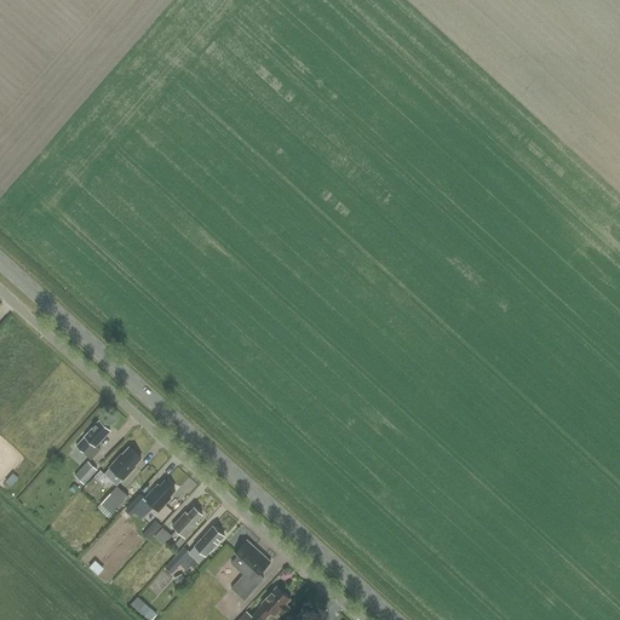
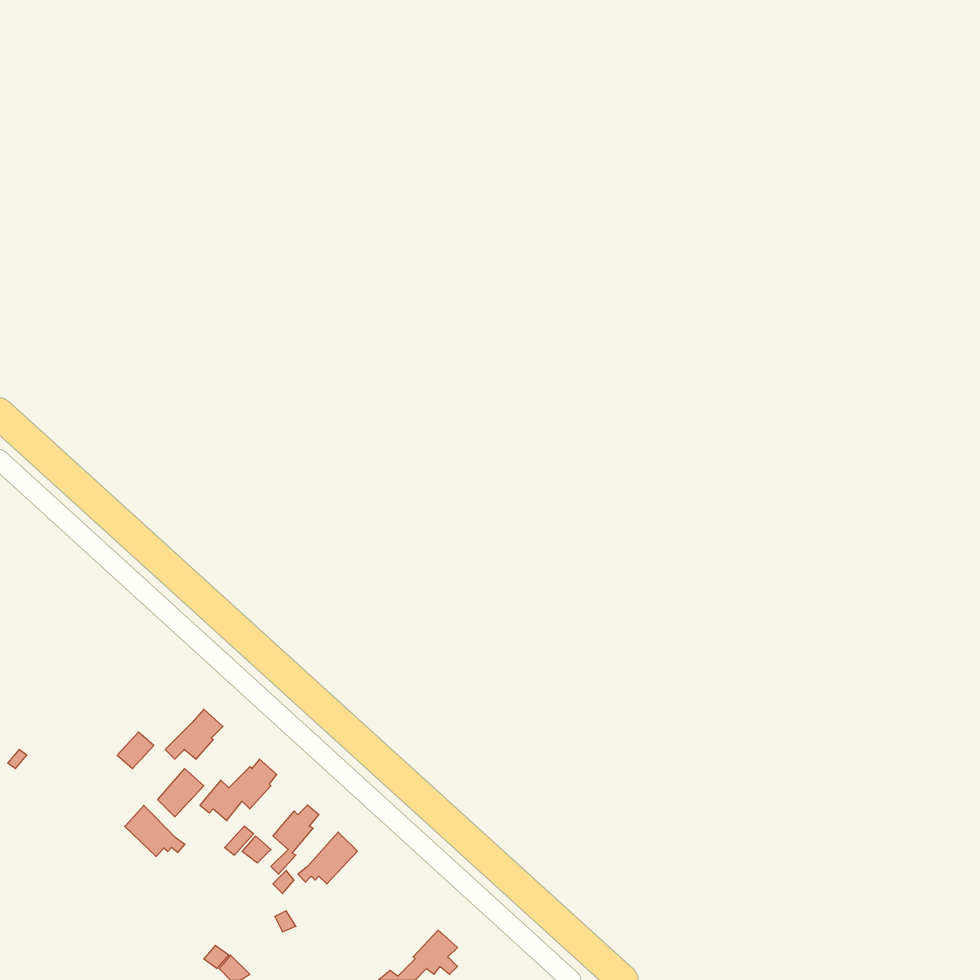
building: [76,420,110,458] -> none
building: none -> [125,805,185,857]
building: [226,524,270,601] -> none

